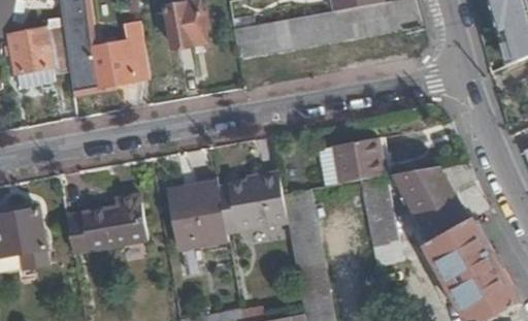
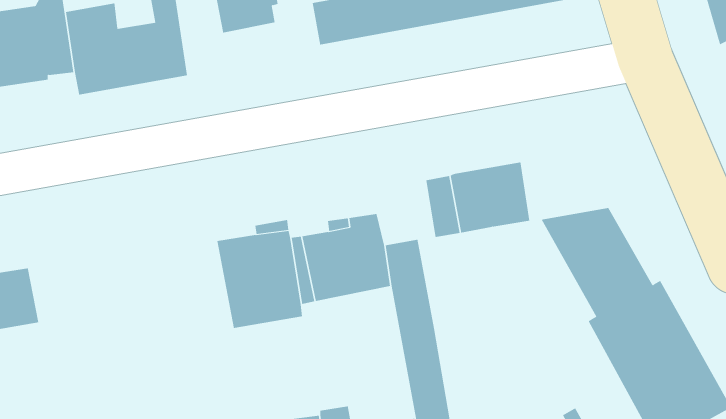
building: [358,176,396,251] -> none
building: [69,191,150,253] -> none

